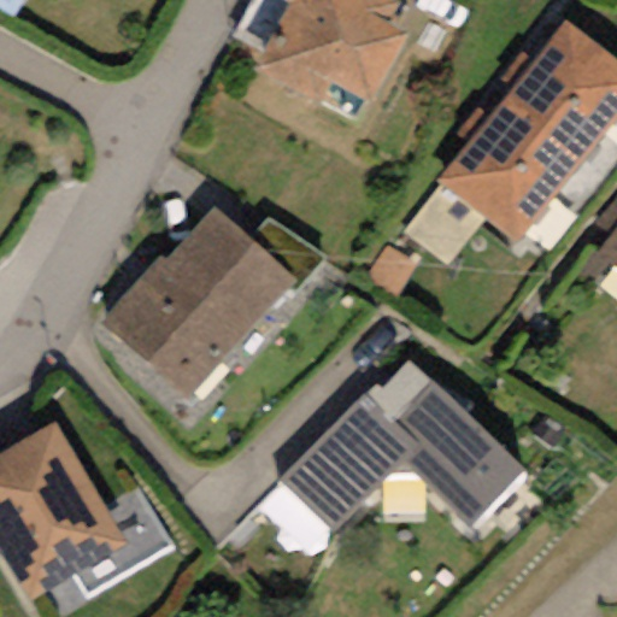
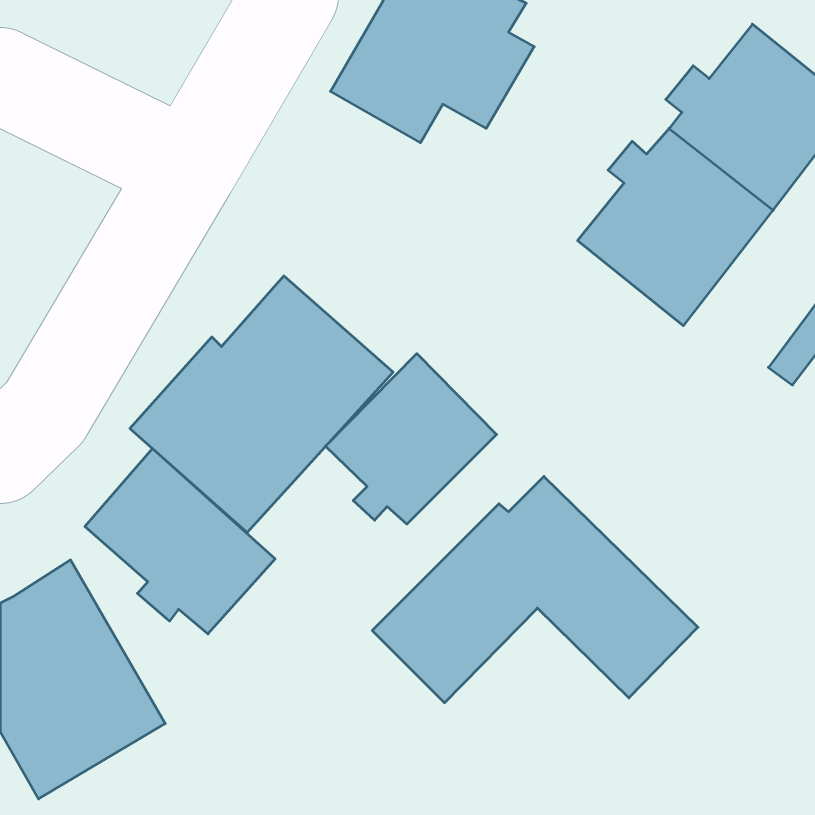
building: none -> [326,354,497,524]
building: none -> [85,448,275,634]

